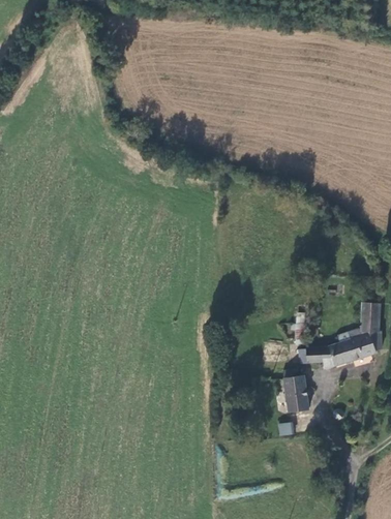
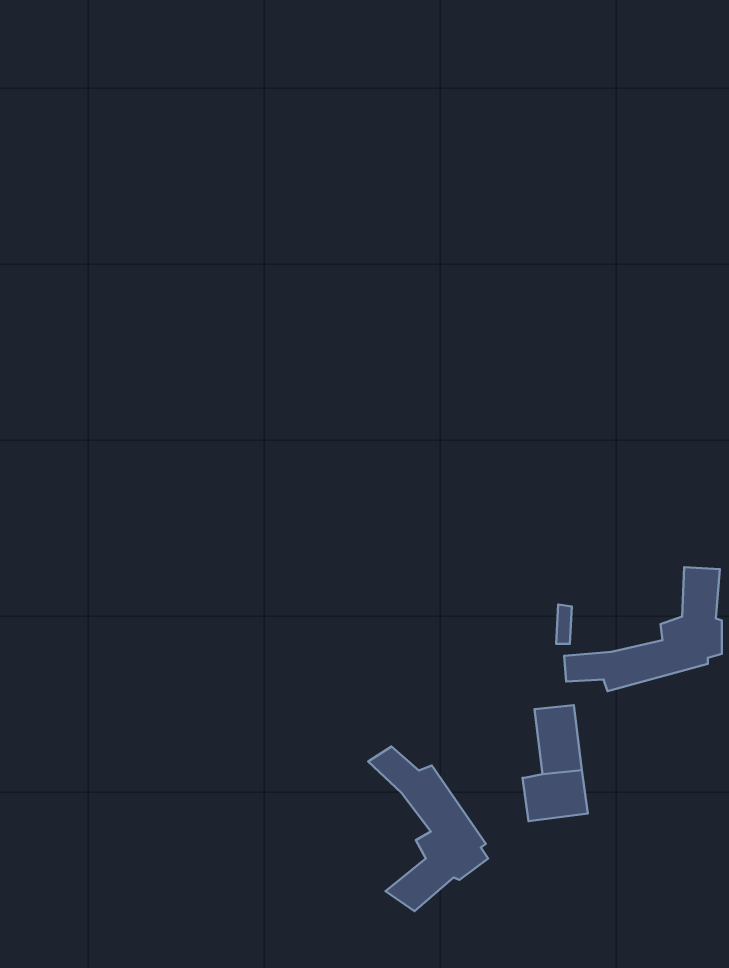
building: none -> [368,747,488,911]

